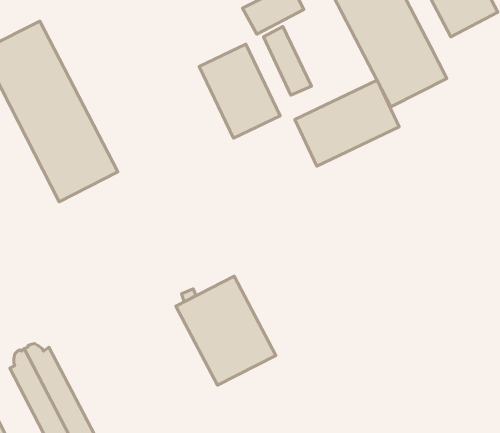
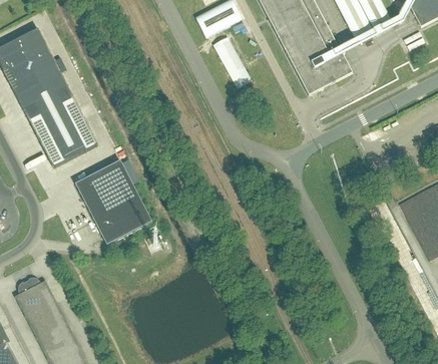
building: [199,44,280,138] -> none
building: [295,80,399,166] -> none
building: [176,276,276,385] -> [74,159,151,244]

